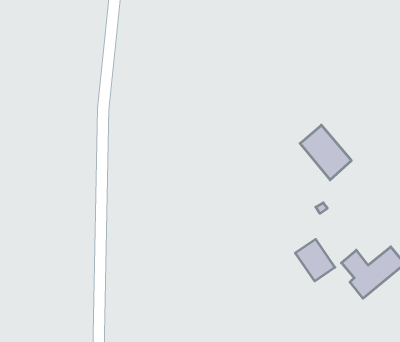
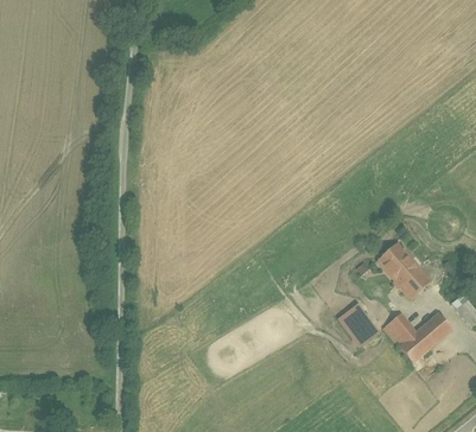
building: [300,125,351,180] -> [375,239,432,299]

